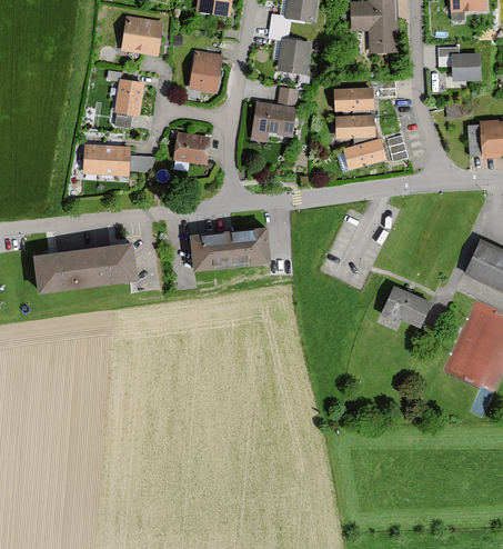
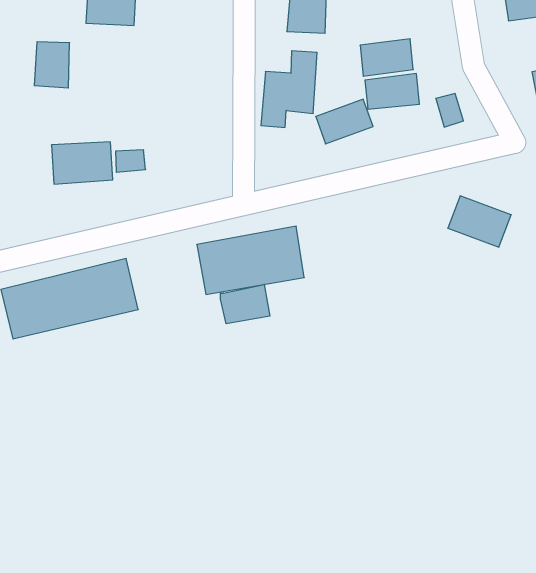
building: [189,50,223,92] -> none
building: [112,77,143,116] -> [34,42,70,88]
building: [173,132,211,158] -> none
building: [343,140,388,172] -> [316,99,373,144]
building: none -> [220,284,270,324]
building: [381,285,432,328] -> [448,196,511,247]

